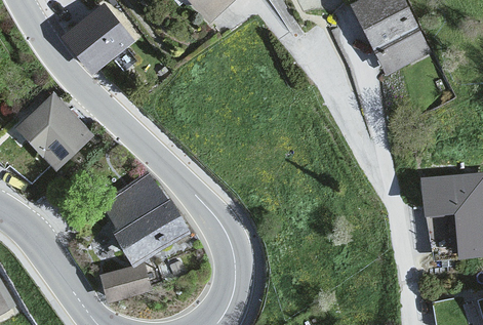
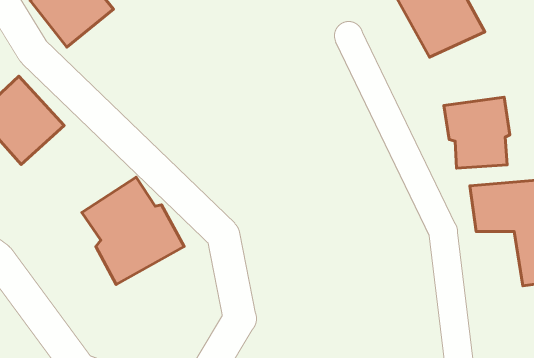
building: none -> [444,97,510,168]
building: [100,261,149,298] -> none

